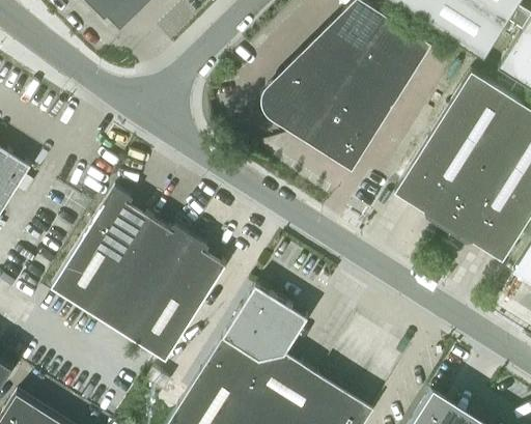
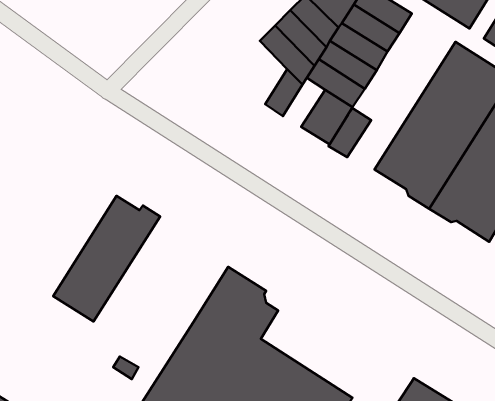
building: [267,69,311,130] -> none
building: [307,105,347,151] -> [329,108,371,157]
building: [51,188,149,312] -> none
building: [128,236,226,361] -> none

